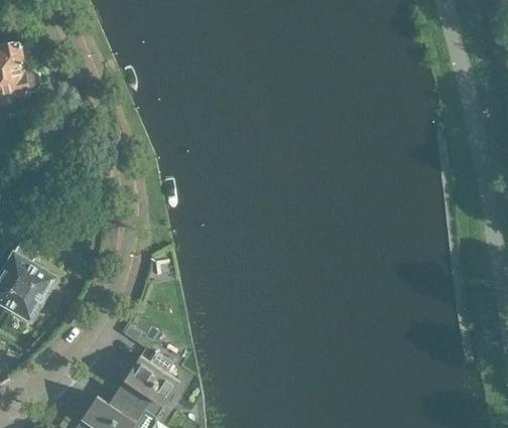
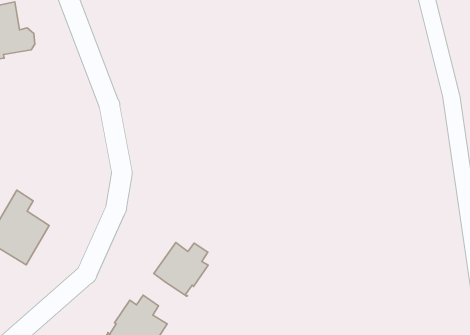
building: none -> [154,242,208,296]

